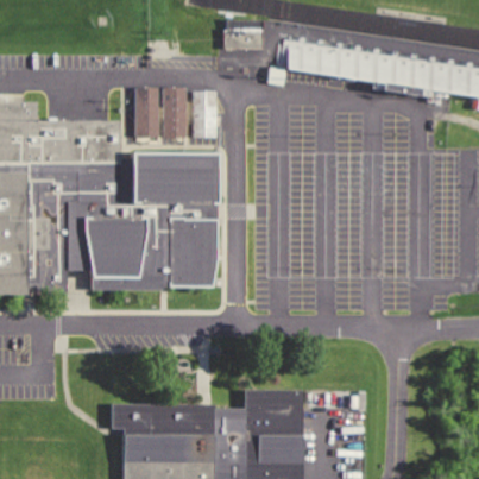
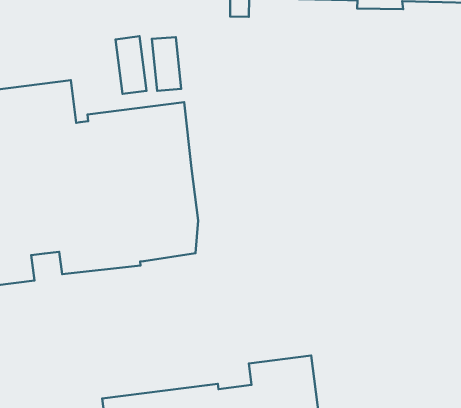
building: [135,88,157,138] -> none

